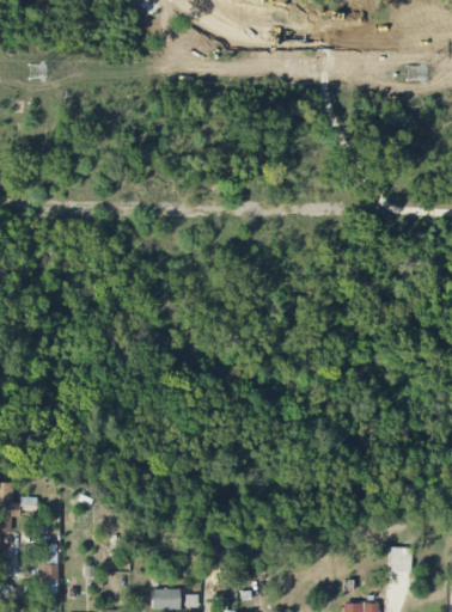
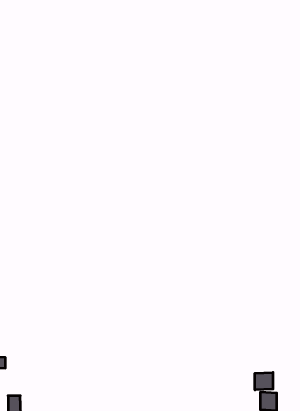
building: none -> [255,372,273,390]

